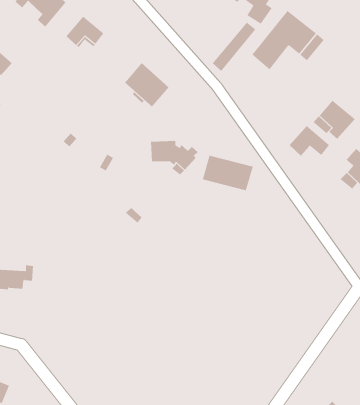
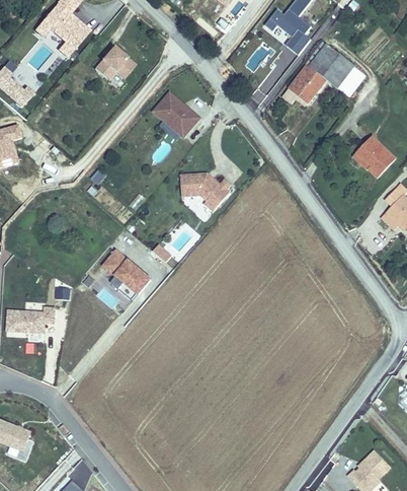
building: [289,125,330,156] -> none
building: [202,155,253,191] -> none
building: none -> [104,252,151,295]

